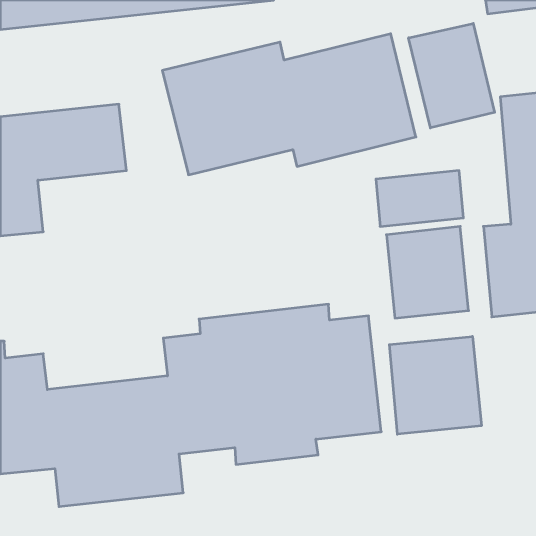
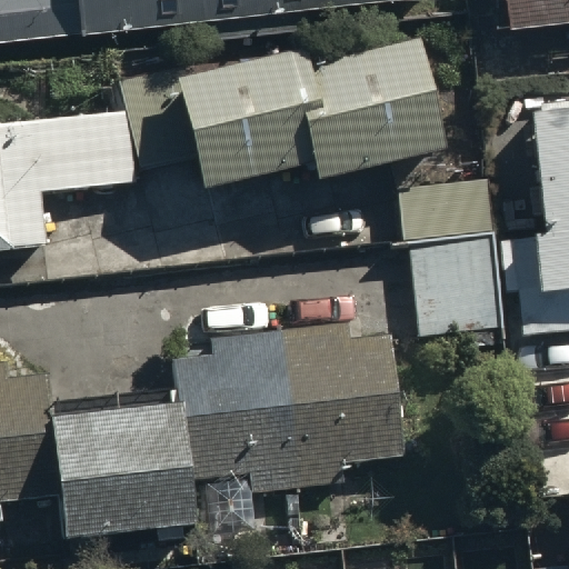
building: [409,23,495,128] -> none
building: [389,336,481,434] -> none

